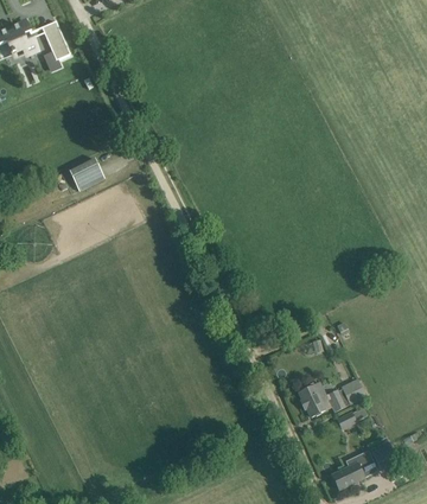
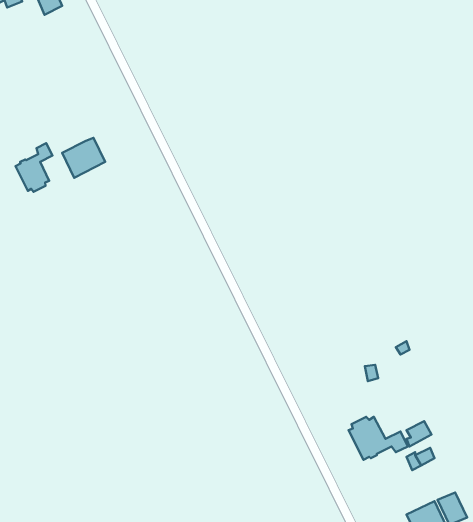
building: none -> [16,143,53,192]

